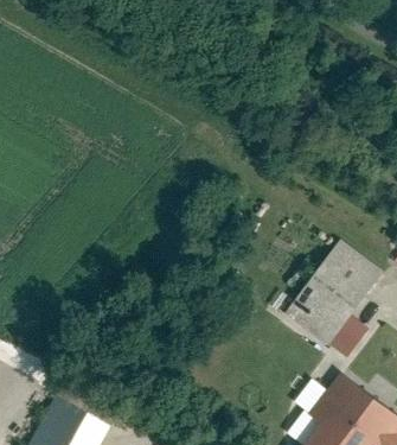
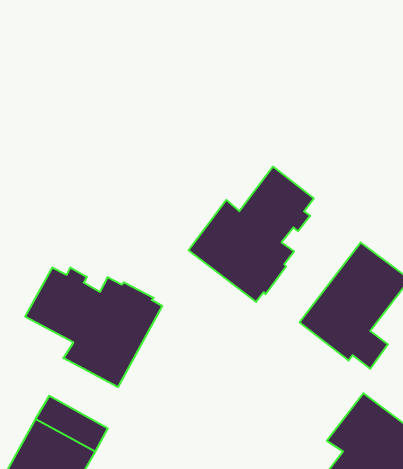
building: none -> [189,167,314,302]
building: none -> [25,267,162,387]

